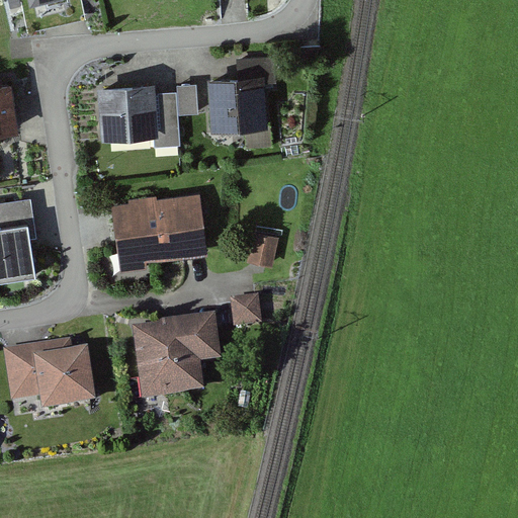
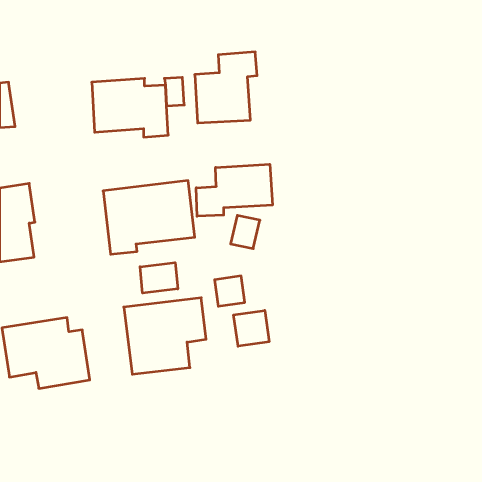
building: none -> [196,164,272,216]
building: none -> [140,263,178,293]
building: none -> [234,310,269,346]

